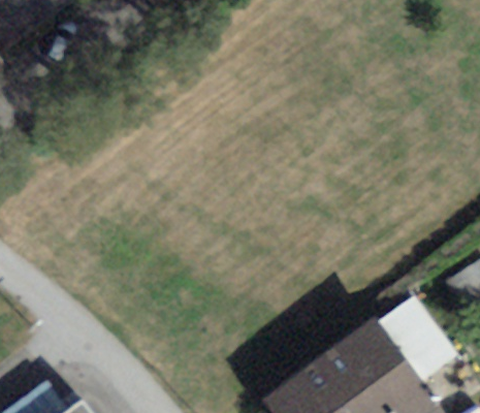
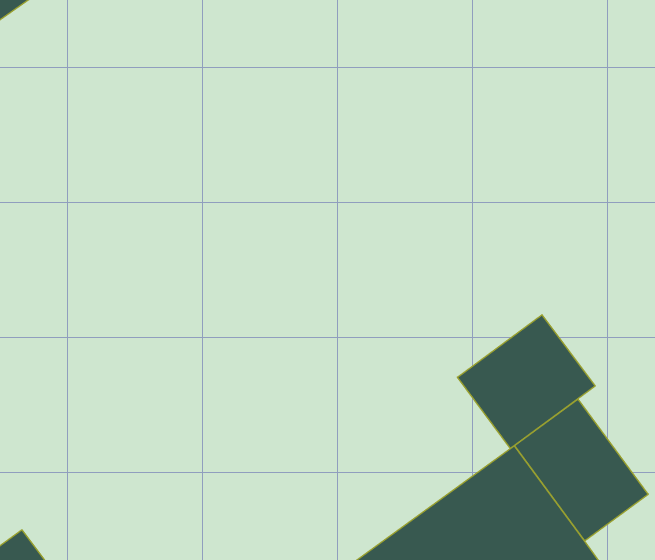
building: none -> [457,315,595,449]

